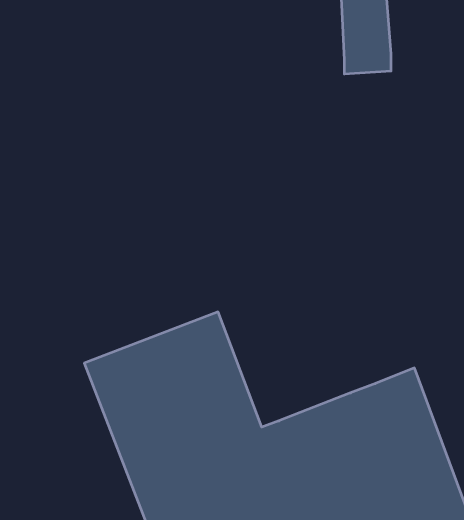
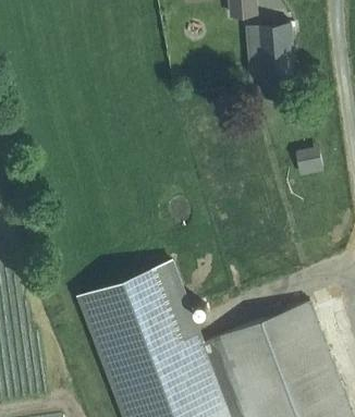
building: none -> [295,145,323,174]

